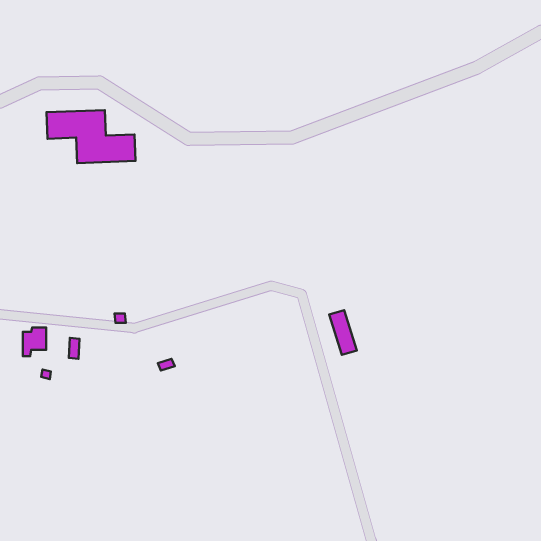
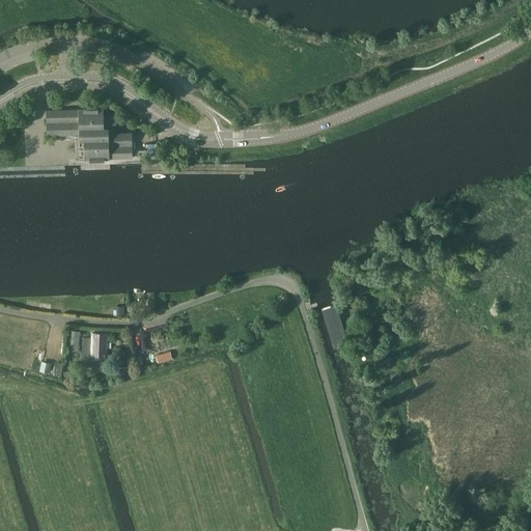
building: [23,328,46,356] -> [83,333,106,361]

